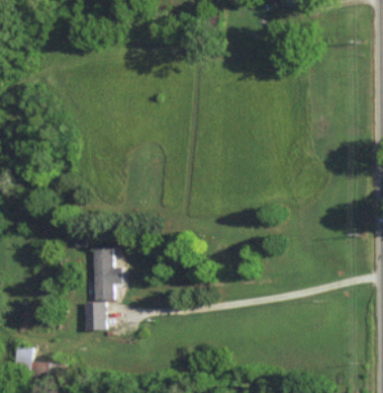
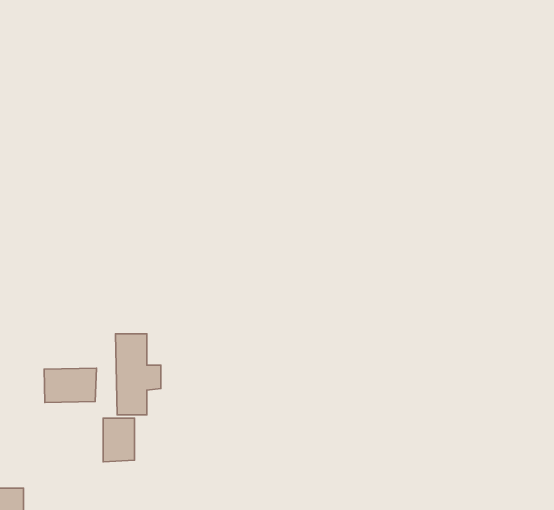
building: none -> [44,368,96,403]

